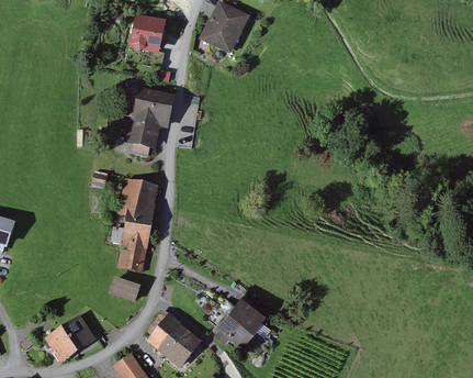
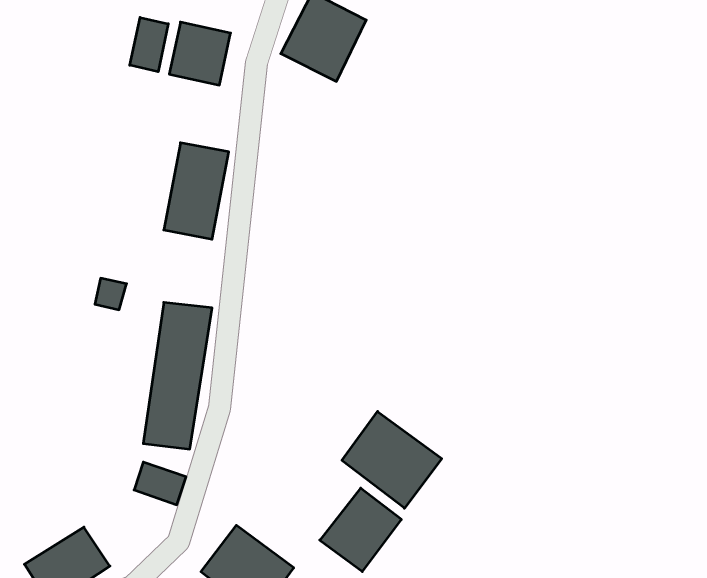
building: none -> [130,17,168,72]
building: none -> [342,411,442,508]

